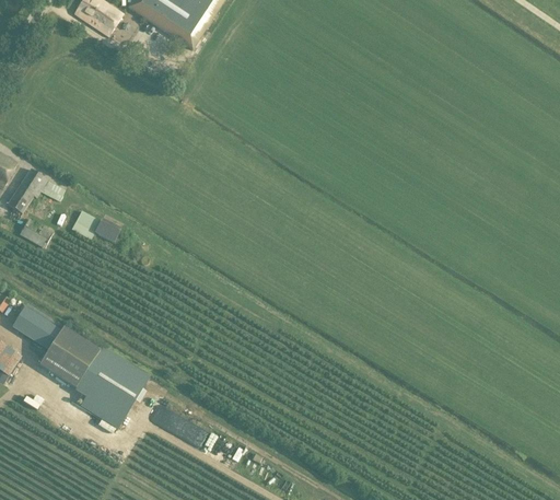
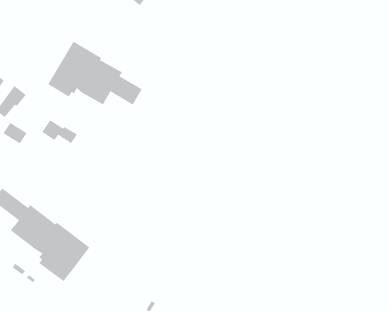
building: none -> [48,41,143,105]
building: [152,407,221,452] -> none

